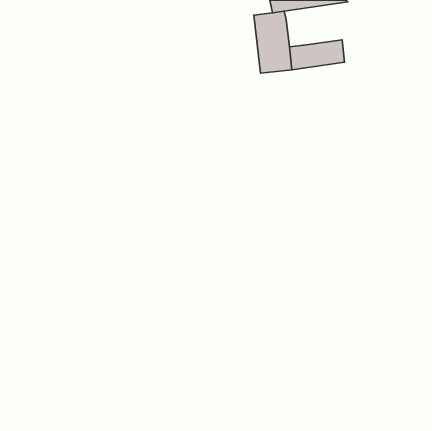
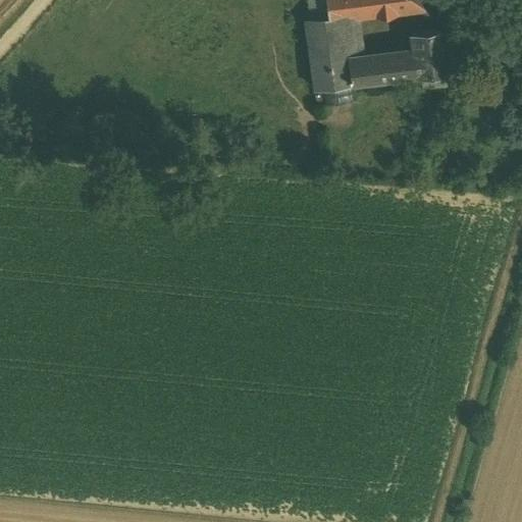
building: none -> [344,25,365,60]
building: none -> [408,31,449,79]

